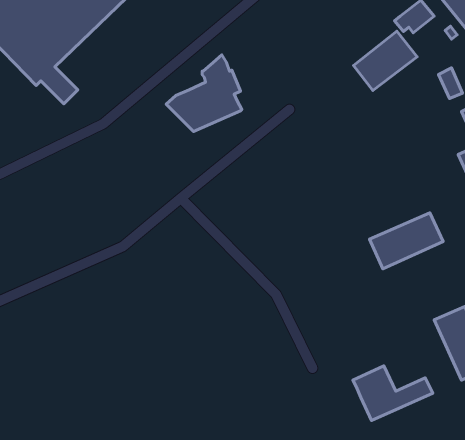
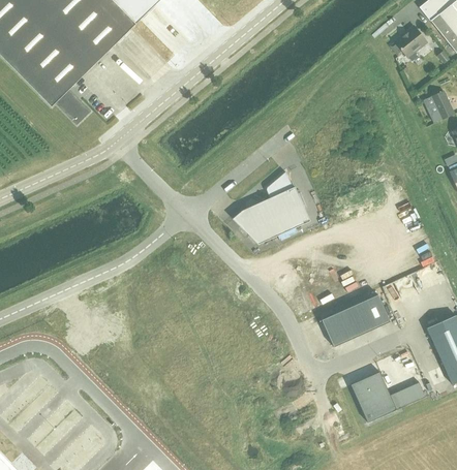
building: [353,31,417,90] -> none
building: [166,55,242,132] -> [233,170,304,243]
building: [370,213,443,269] -> [322,293,391,346]

